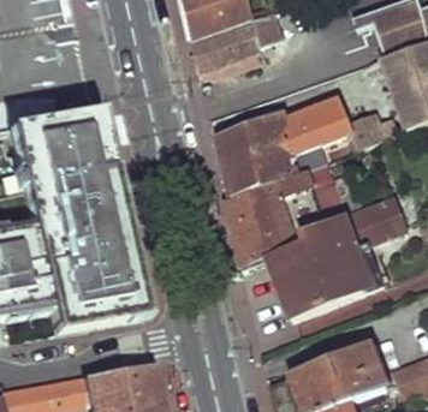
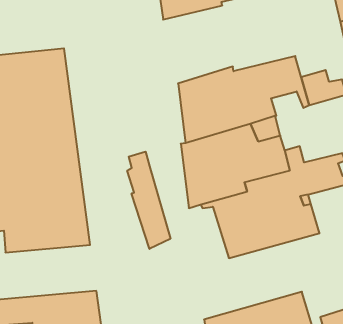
building: none -> [127,152,170,249]

